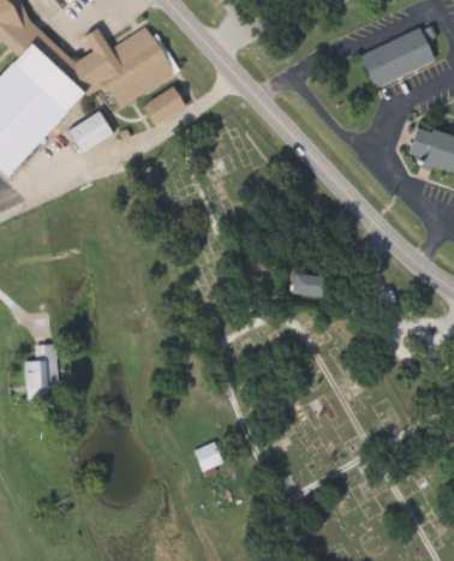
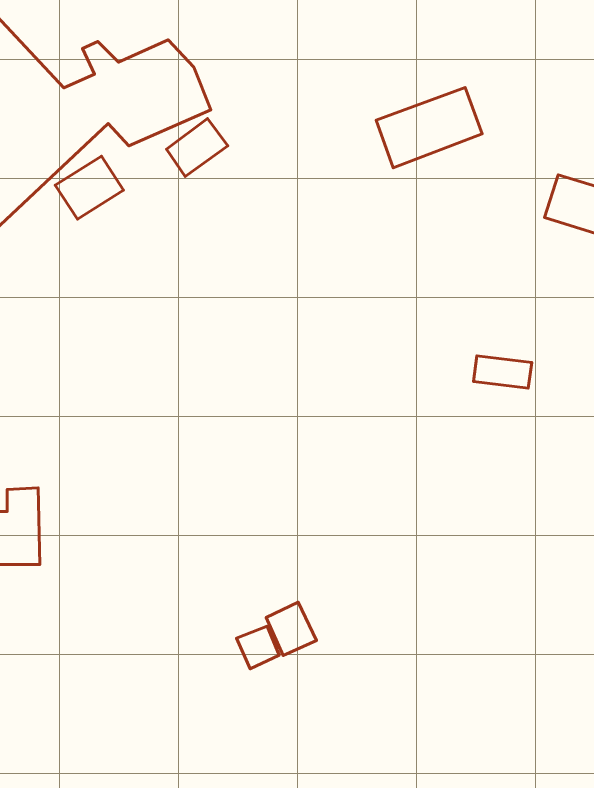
building: [360,28,435,84] -> [376,88,482,168]
building: [292,271,333,294] -> [474,356,532,388]
building: none -> [266,602,317,655]

